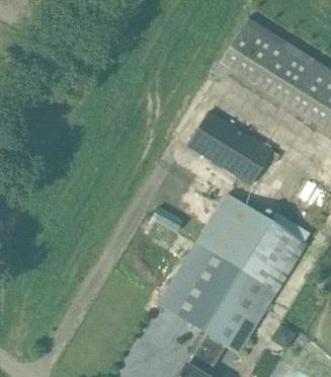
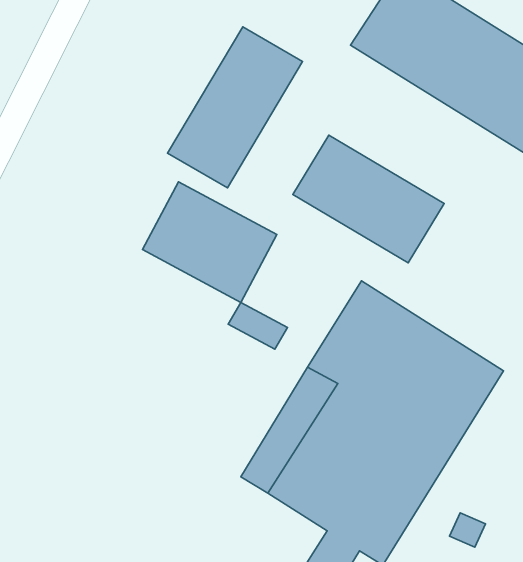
building: none -> [168,27,303,188]
building: none -> [143,182,277,302]

